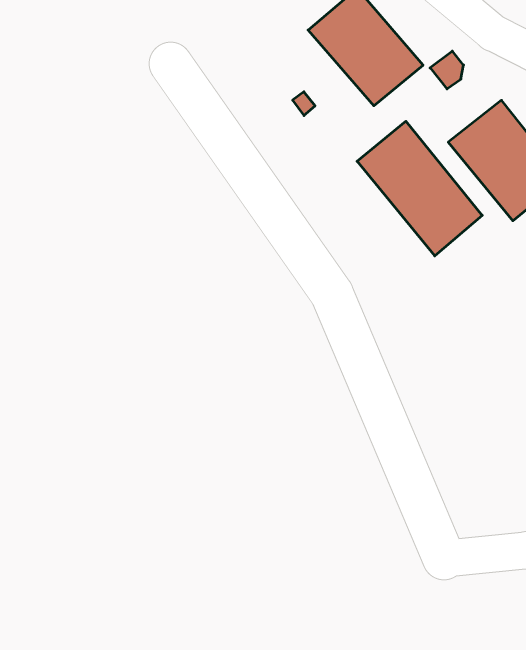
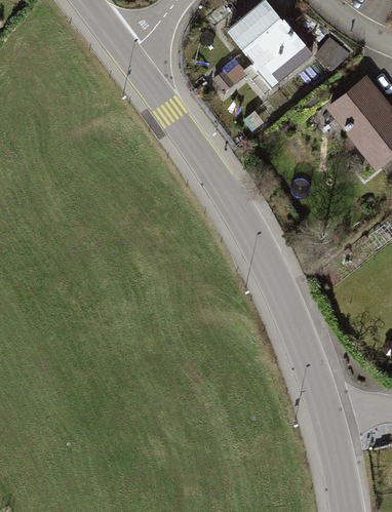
building: [357,121,482,256] -> none

